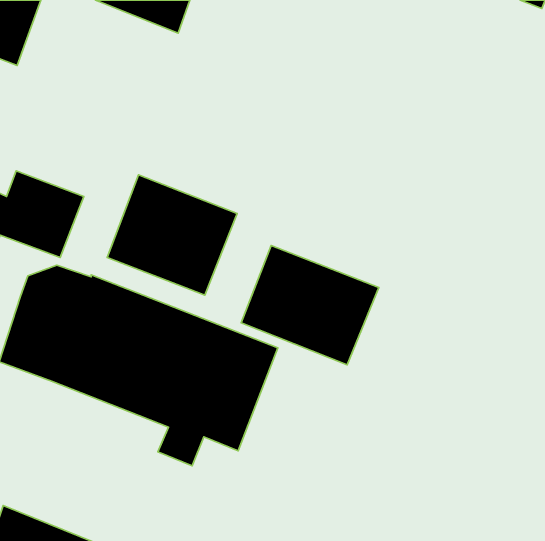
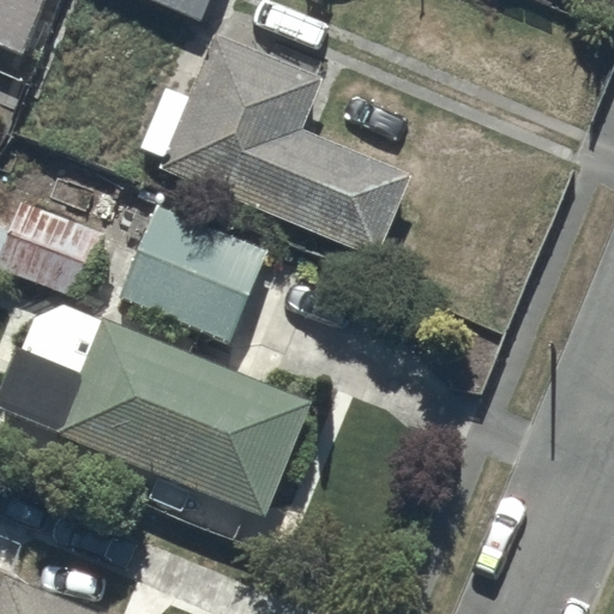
building: none -> [157,65,409,258]
building: [241,245,379,365] -> none

